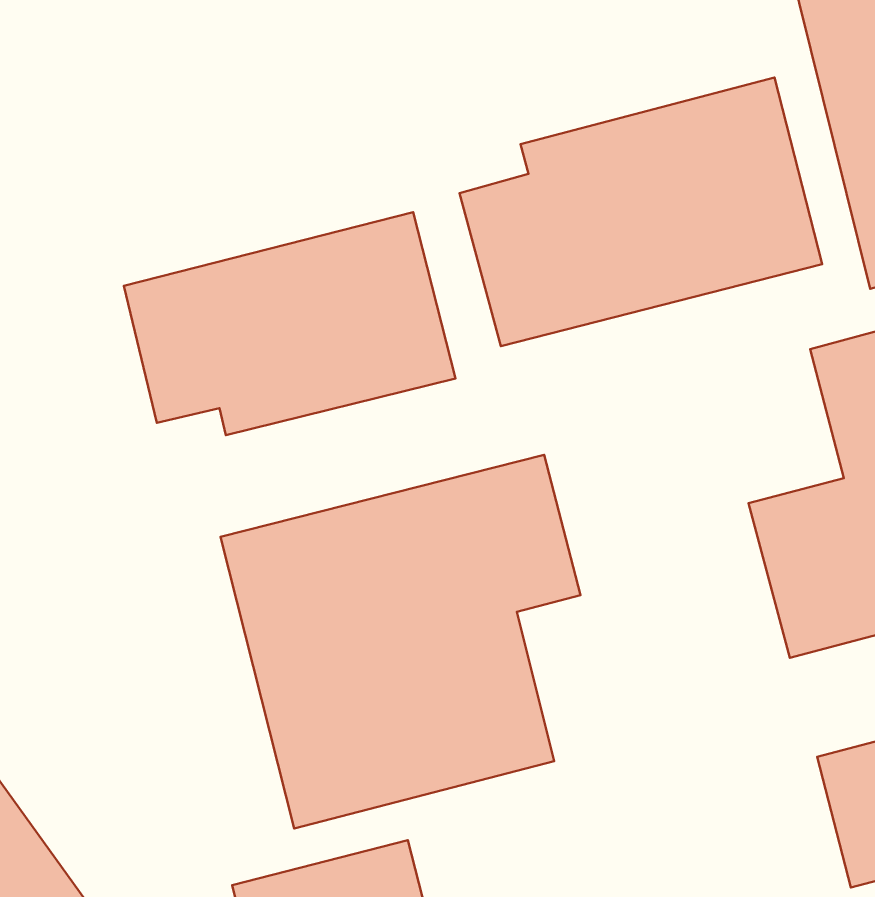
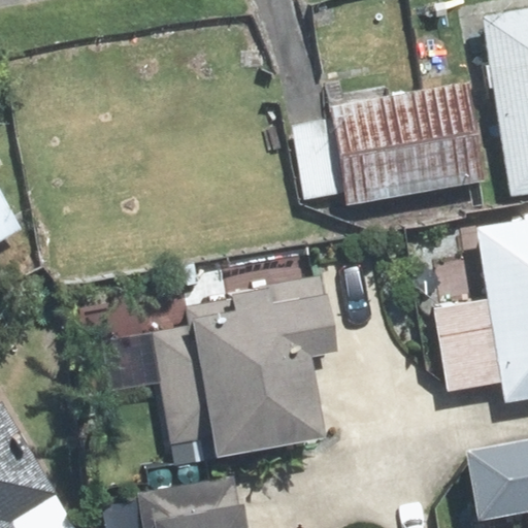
building: [124,212,455,435] -> none

